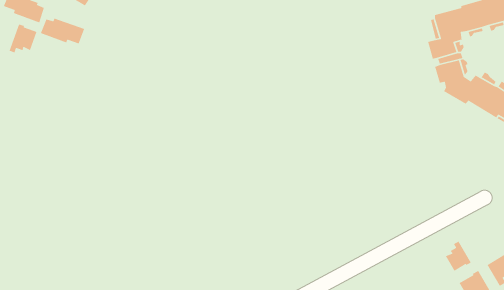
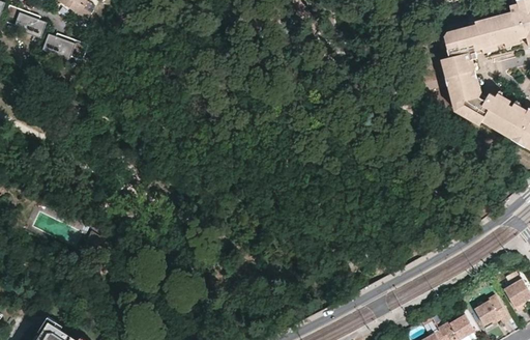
building: [9,23,38,53] -> none
building: [445,241,472,272] -> none

